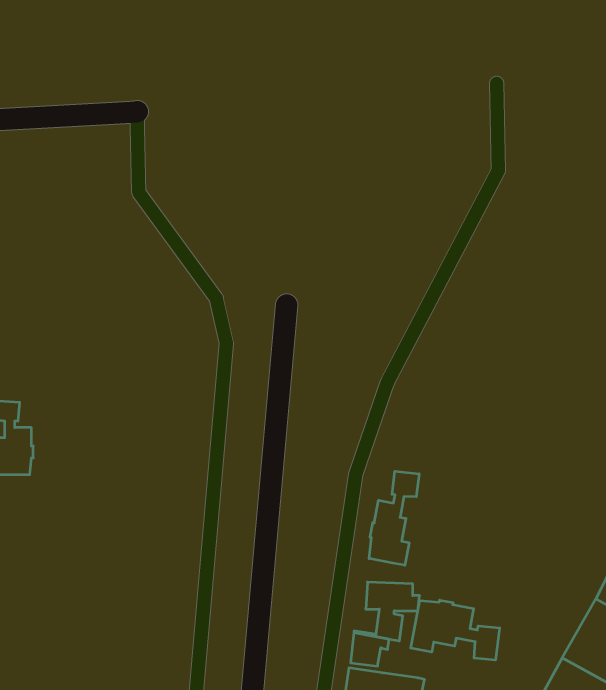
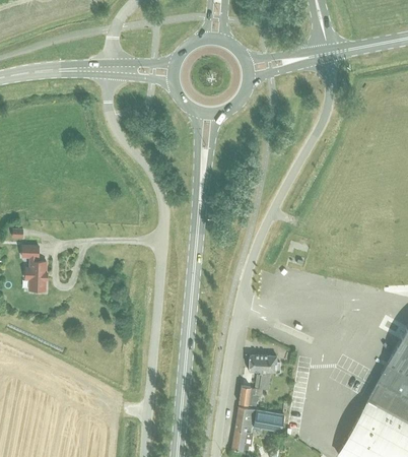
building: [369,471,419,565] -> none
building: [411,600,500,660] -> none

